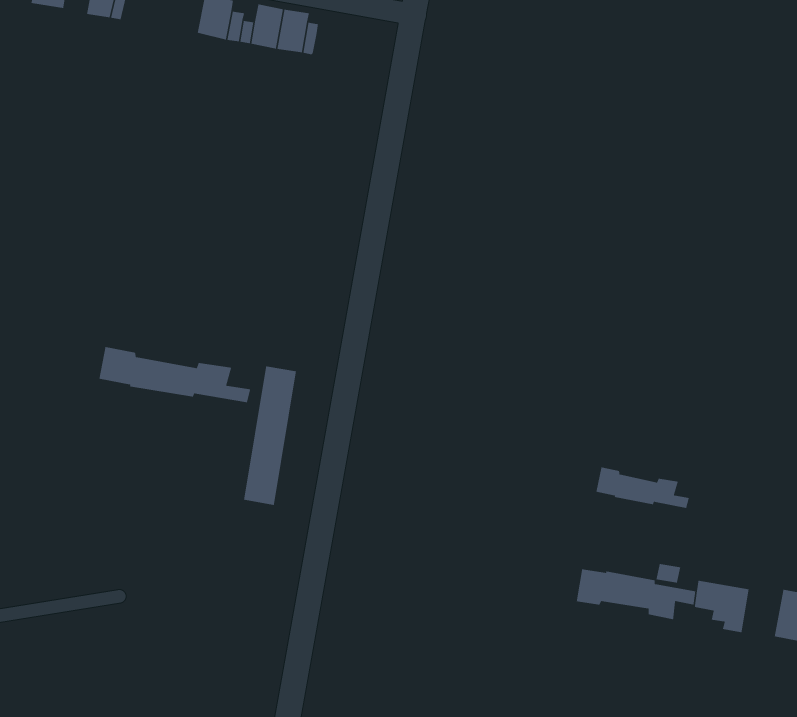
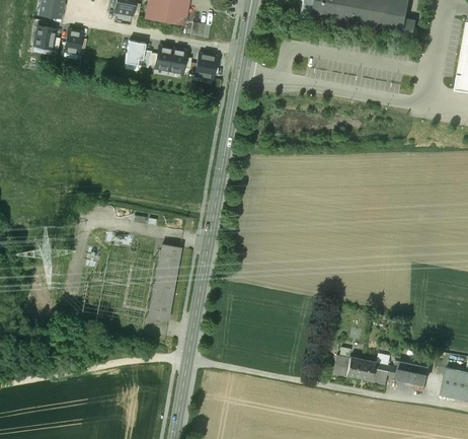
building: none -> [193,54,217,79]
building: [98,346,251,403] -> none
building: [595,466,690,509] -> none

